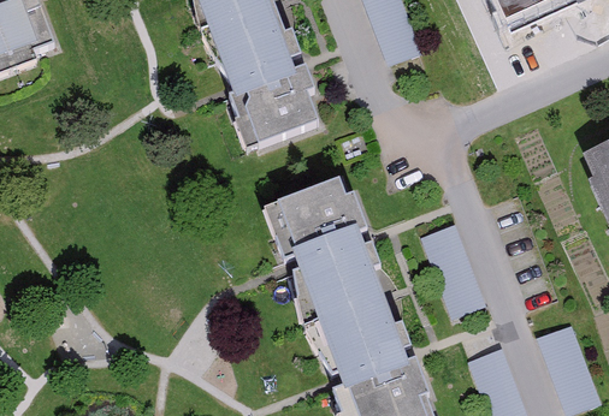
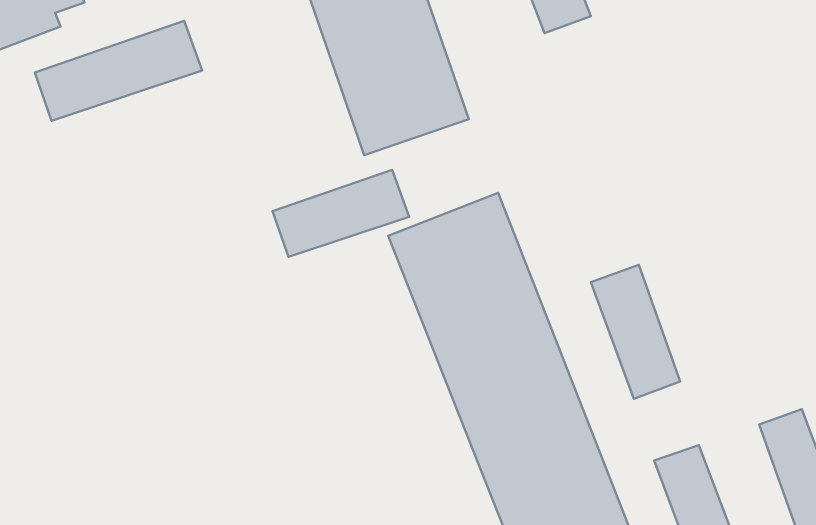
building: none -> [35,21,202,121]
building: none -> [273,170,409,257]

